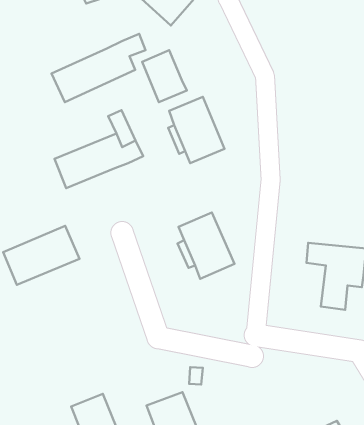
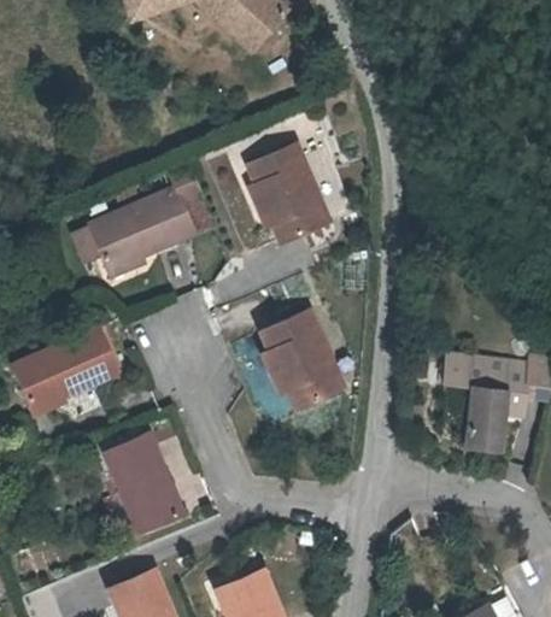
building: [52,34,146,102] -> none
building: [142,50,187,102] -> none
building: none -> [102,436,176,536]

